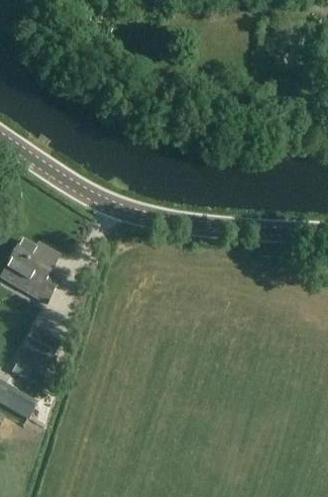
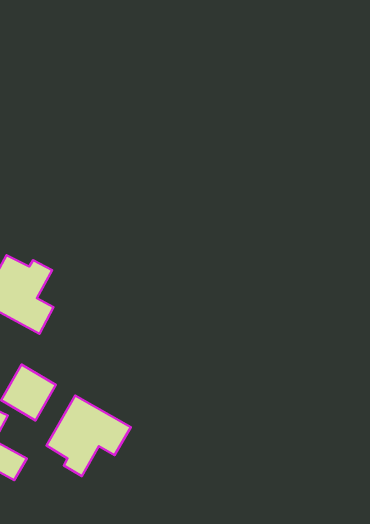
building: none -> [47,396,131,476]

